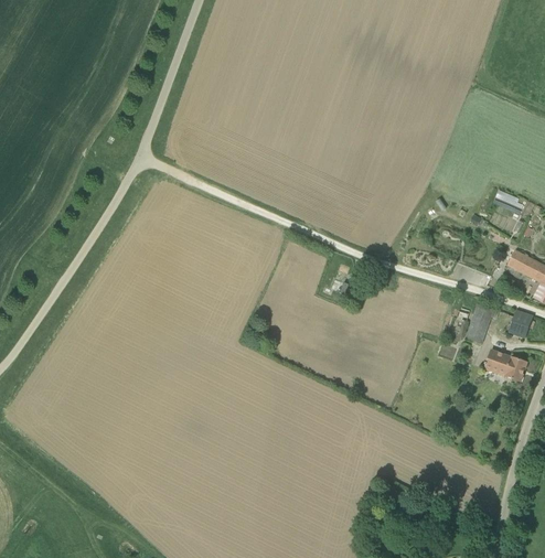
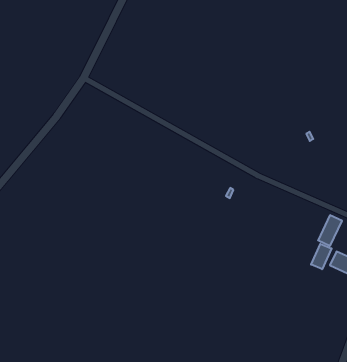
building: none -> [311,244,332,269]

